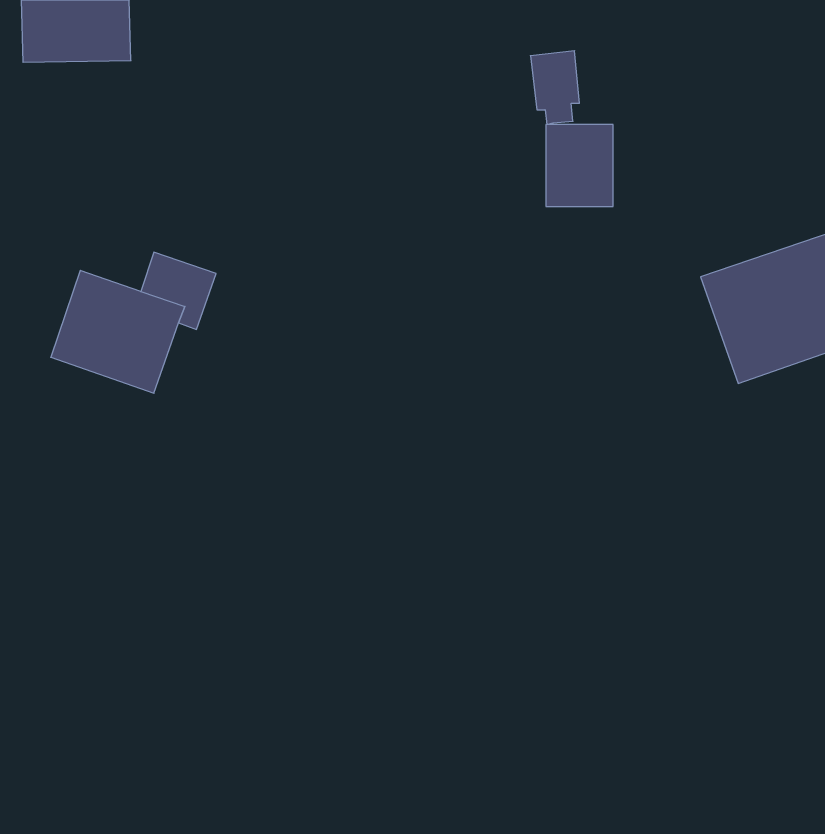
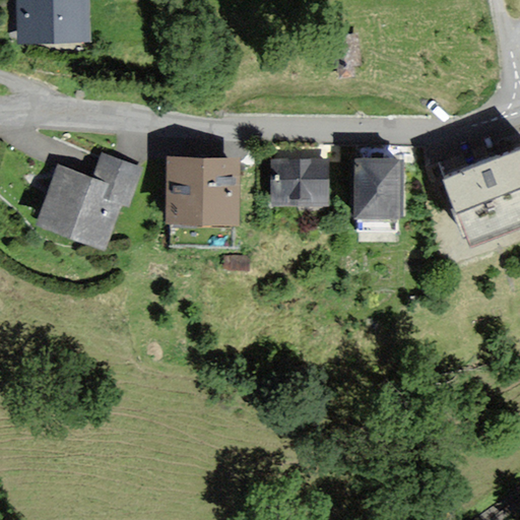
building: [546,125,613,206] -> [354,160,396,211]
building: none -> [168,161,234,217]
building: none -> [276,161,325,200]

